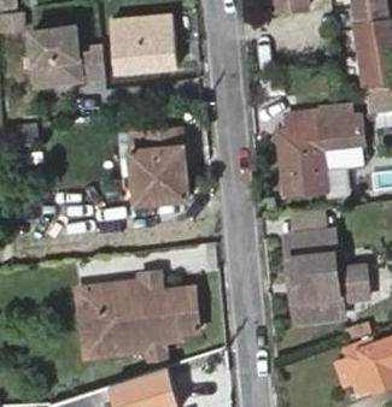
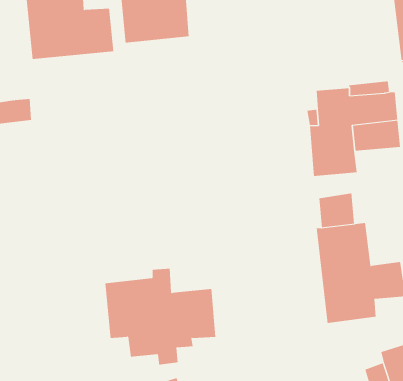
building: [127,123,188,199] -> none
building: [76,287,119,355] -> none

